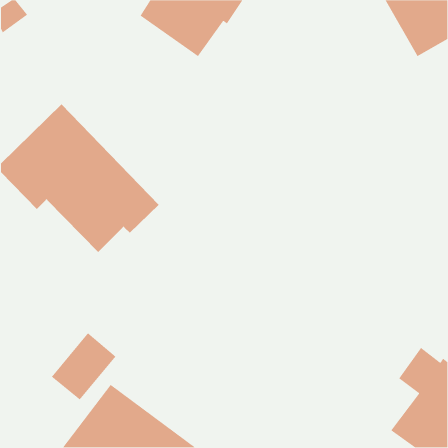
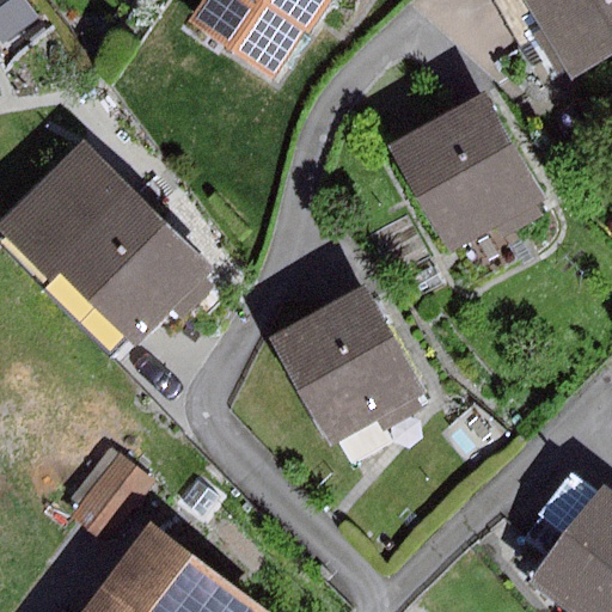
building: none -> [391,97,545,277]
building: none -> [273,289,424,446]

